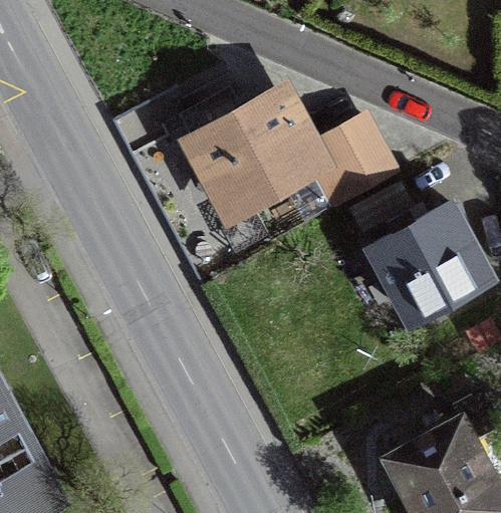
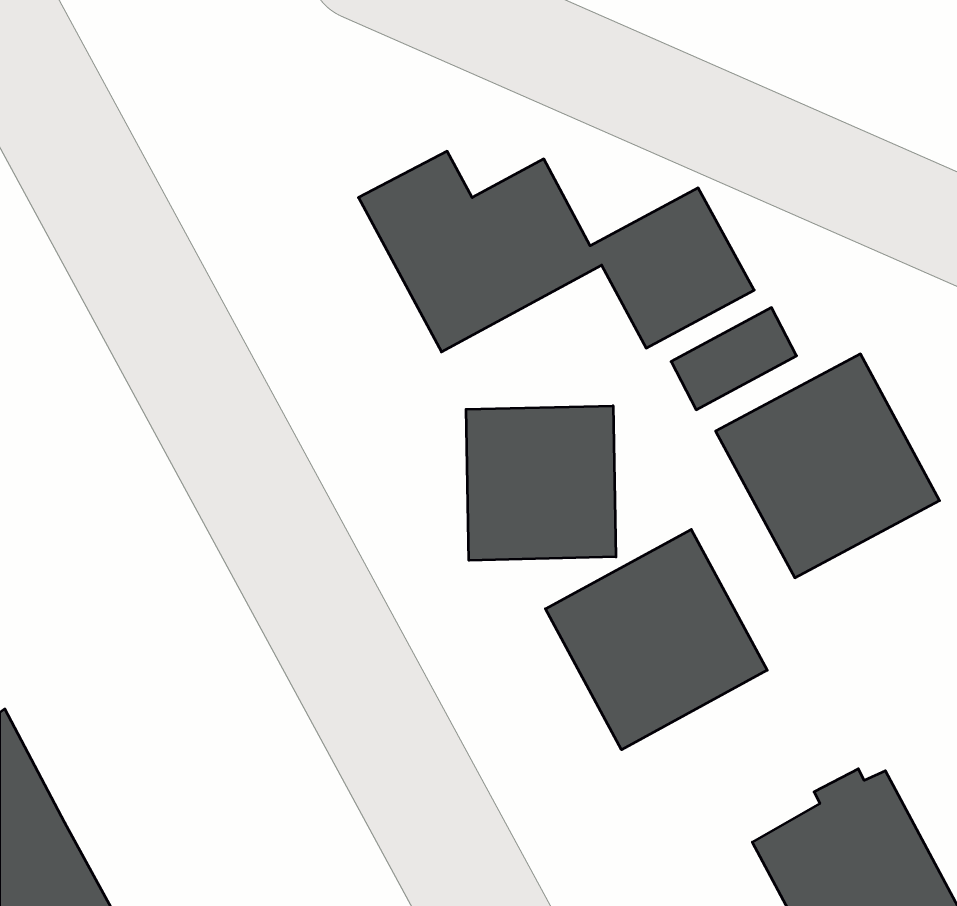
building: none -> [466,406,616,560]
building: none -> [545,529,767,750]

